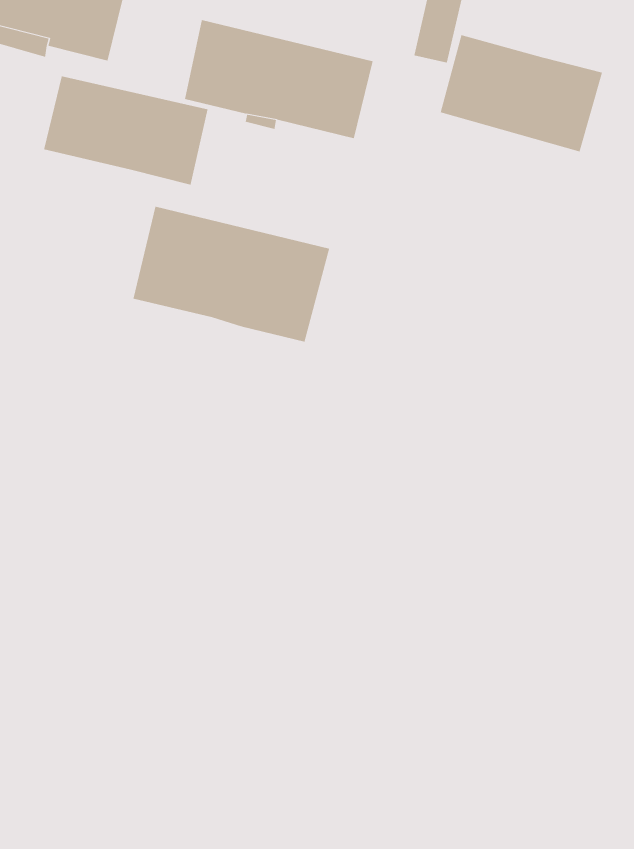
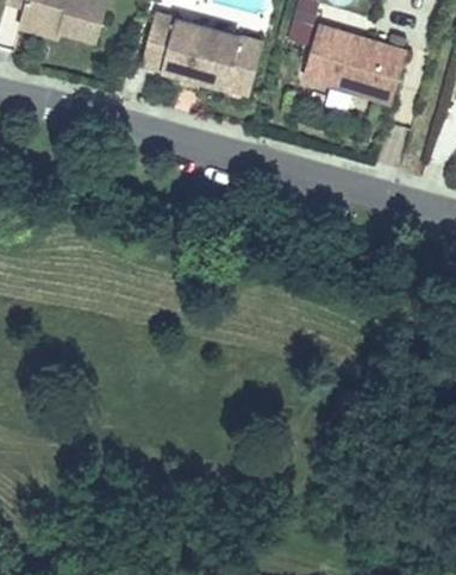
building: [44,76,208,186] -> none
building: [133,206,330,342] -> none

